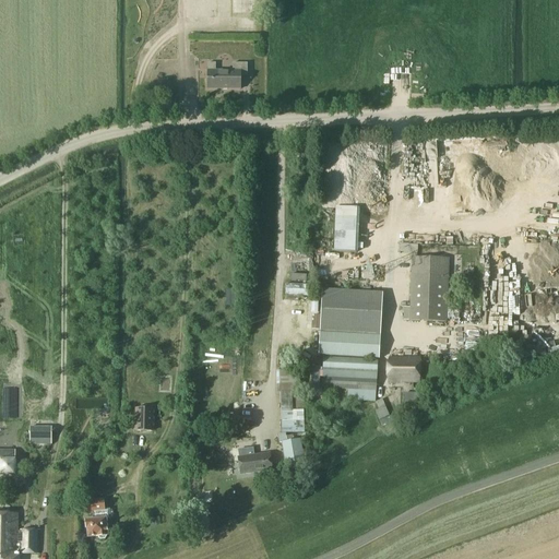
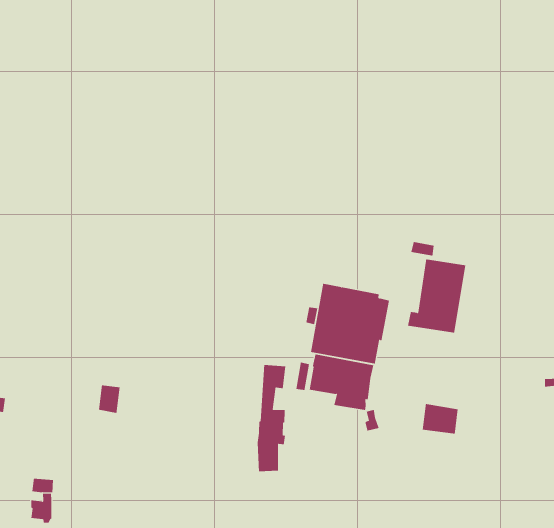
building: [207,60,247,86] -> none
building: [334,204,359,250] -> none
building: [389,355,419,379] -> [422,404,459,434]
building: [238,451,272,473] -> none

